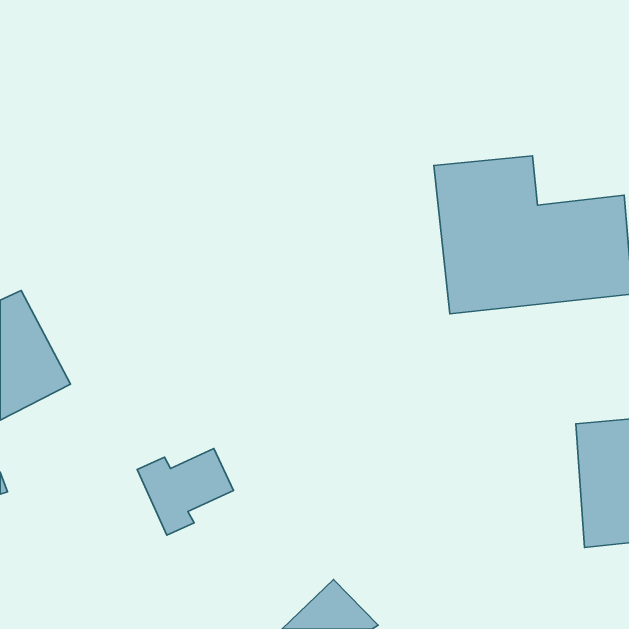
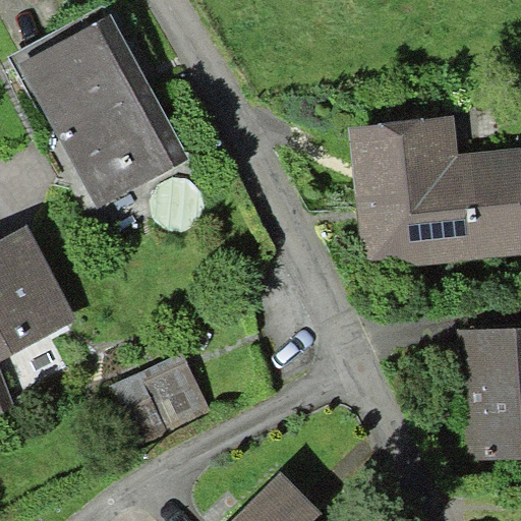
building: none -> [24,22,178,200]

